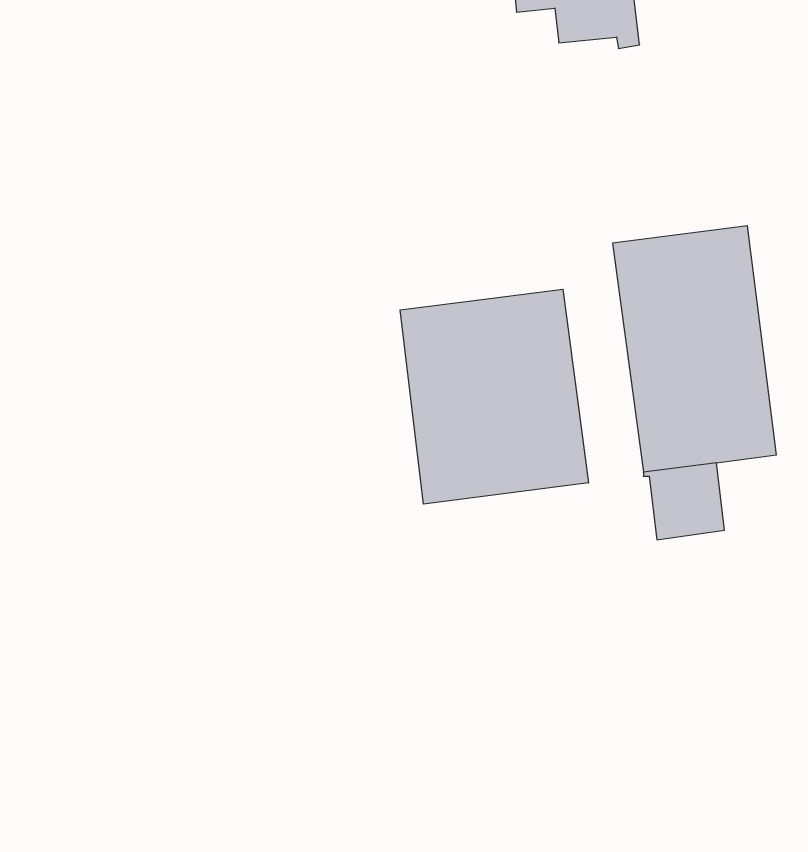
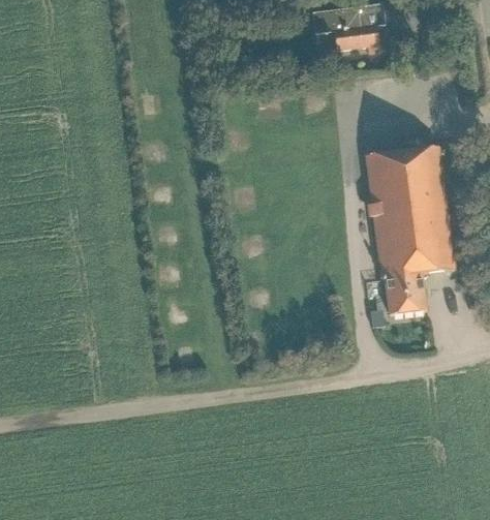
building: [400,289,588,504] -> none

